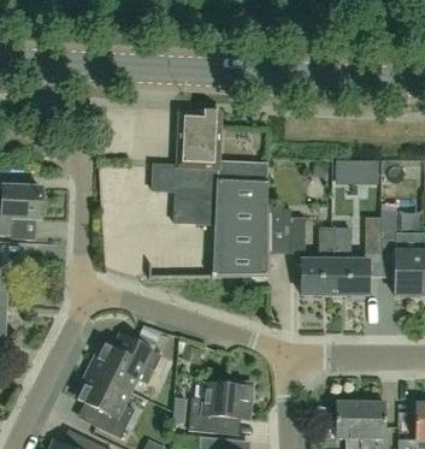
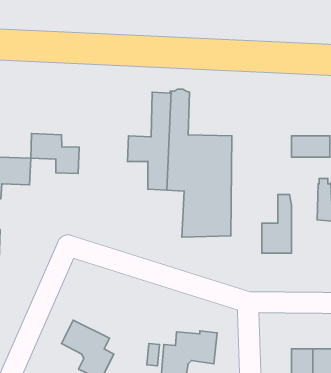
building: none -> [31,134,79,174]
building: [275,207,306,252] -> none
building: [333,228,368,294] -> none
building: [89,325,163,390] -> none

